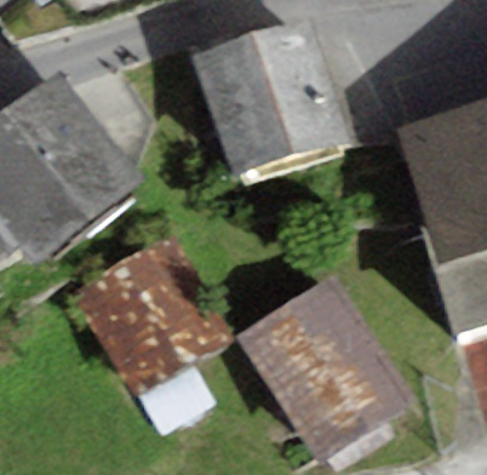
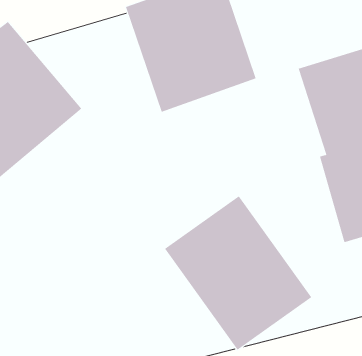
building: [78,238,230,397] -> none

